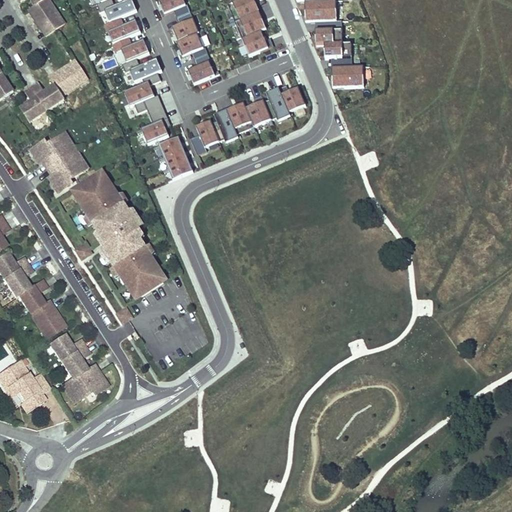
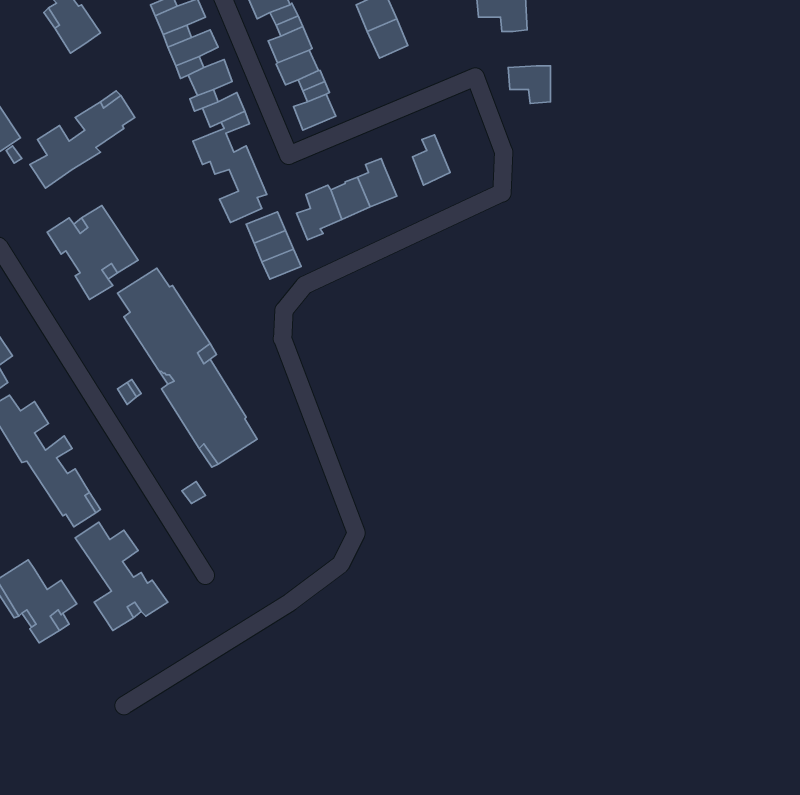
building: [315,19,342,43] -> none
building: [242,29,273,54] -> none
building: [331,65,363,86] -> none
building: [277,83,304,110] -> none
building: [245,93,270,125] -> none

